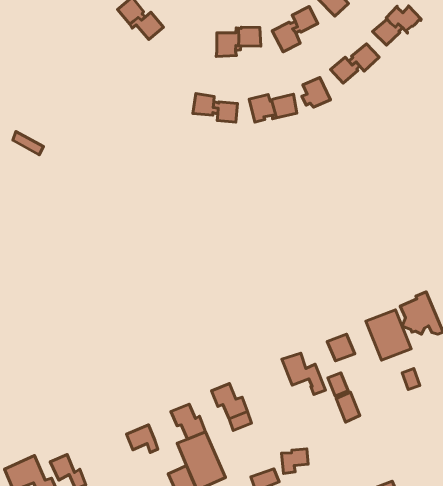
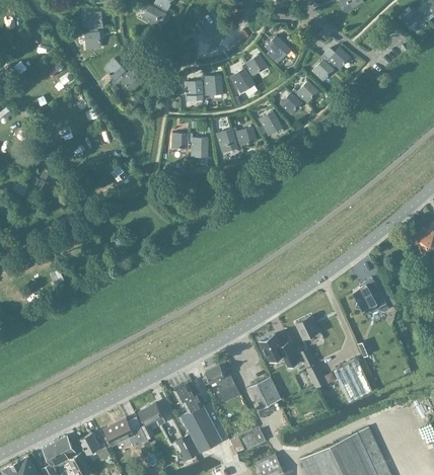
building: [366,310,411,360] -> [334,361,372,402]
building: none -> [250,377,281,408]
building: none -> [103,418,147,447]

